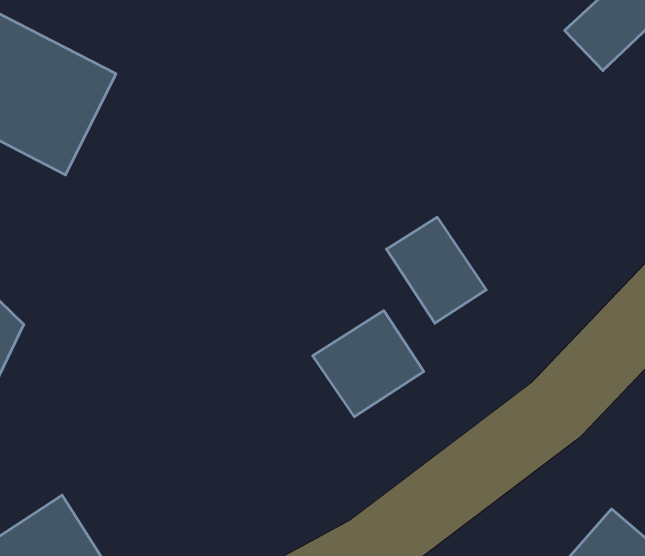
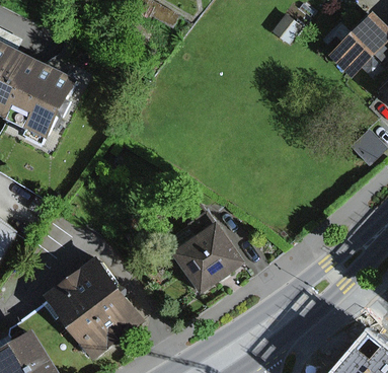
building: [386,217,486,323] -> none
building: none -> [53,257,150,355]

